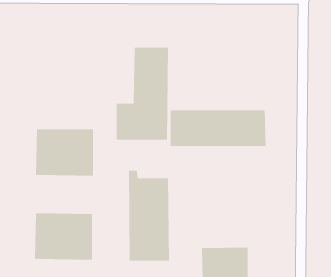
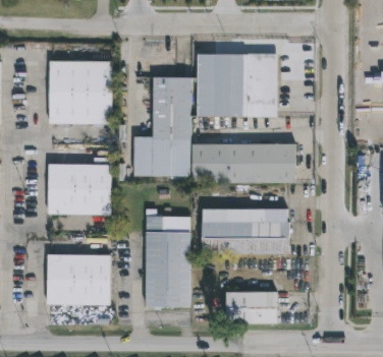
building: none -> [197,53,276,117]
building: none -> [47,60,112,124]
building: none -> [201,209,292,254]

